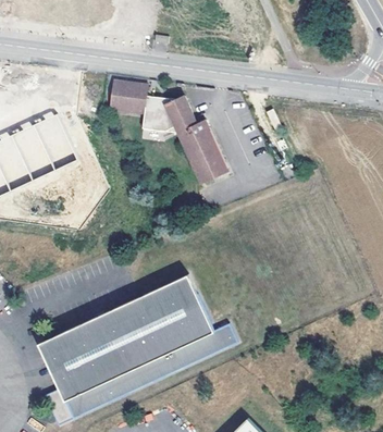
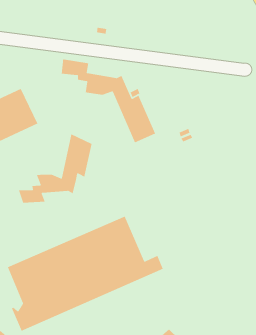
building: none -> [18,133,93,204]

